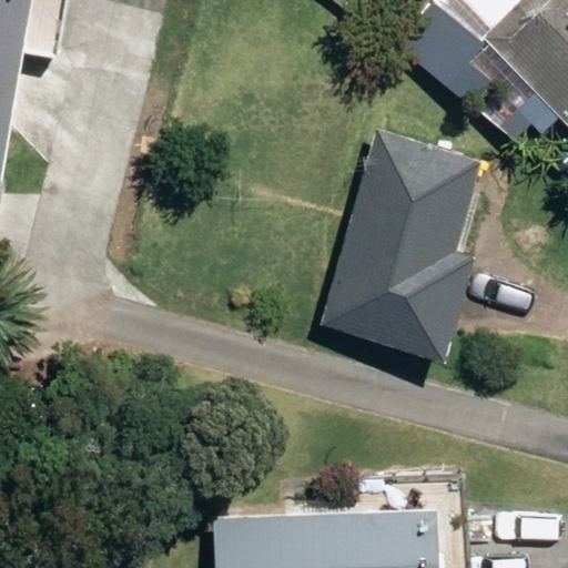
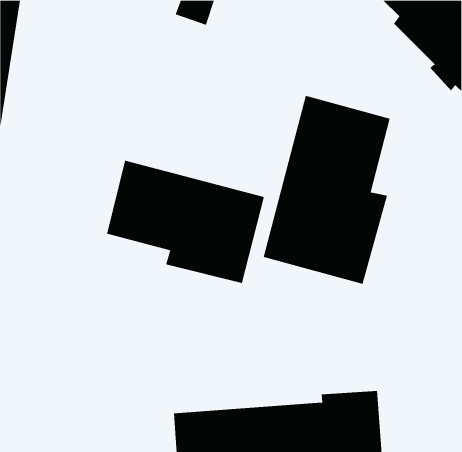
building: none -> [107,160,264,284]

